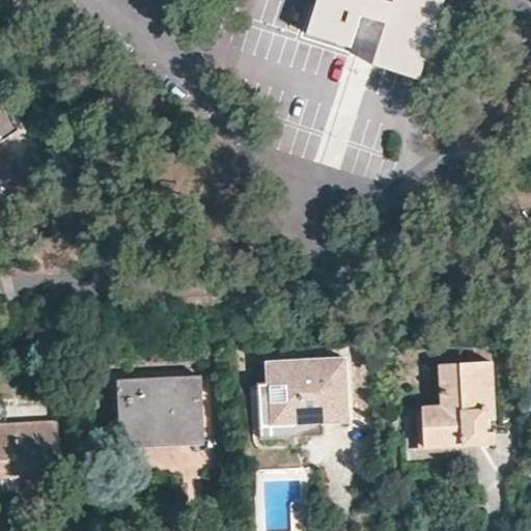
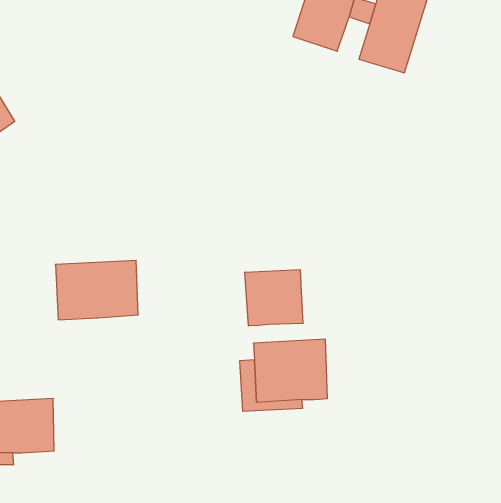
building: none -> [245,270,303,326]
building: [418,360,492,446] -> none
building: [115,375,202,438] -> [55,261,138,320]

